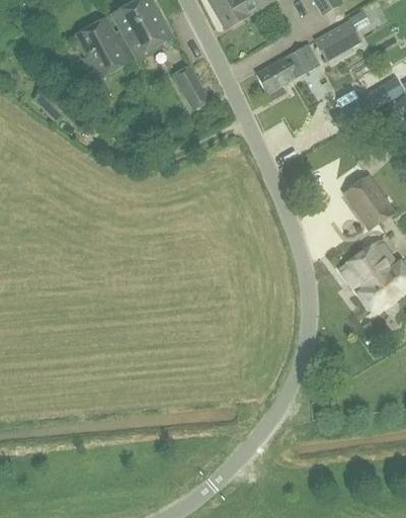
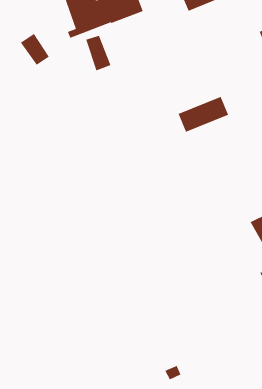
building: [255,42,317,93] -> [178,96,229,133]
building: [174,66,211,110] -> [85,35,111,72]

